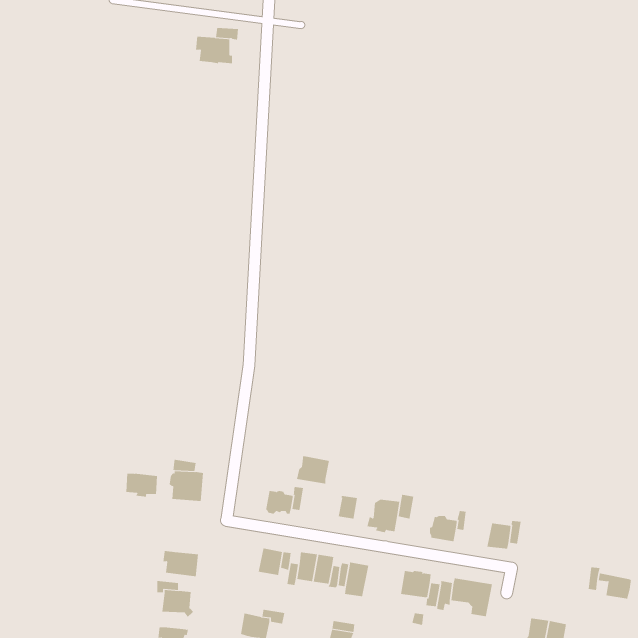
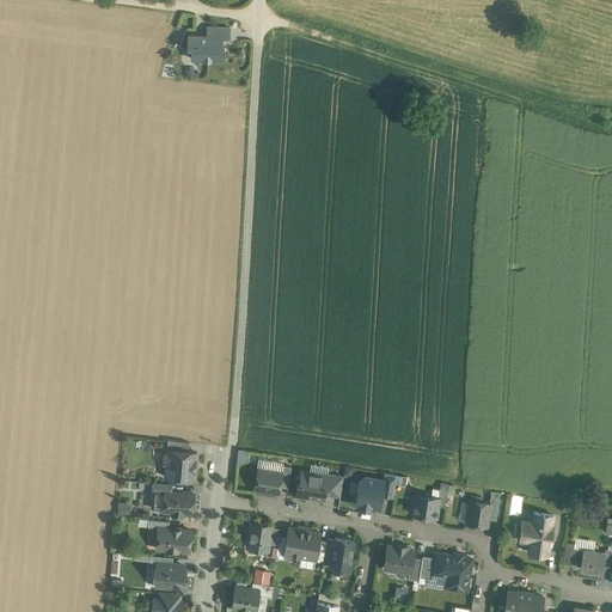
building: [296,455,330,484] -> [294,472,326,500]
building: [125,473,158,497] -> [161,492,192,515]
building: none -> [518,513,552,556]

